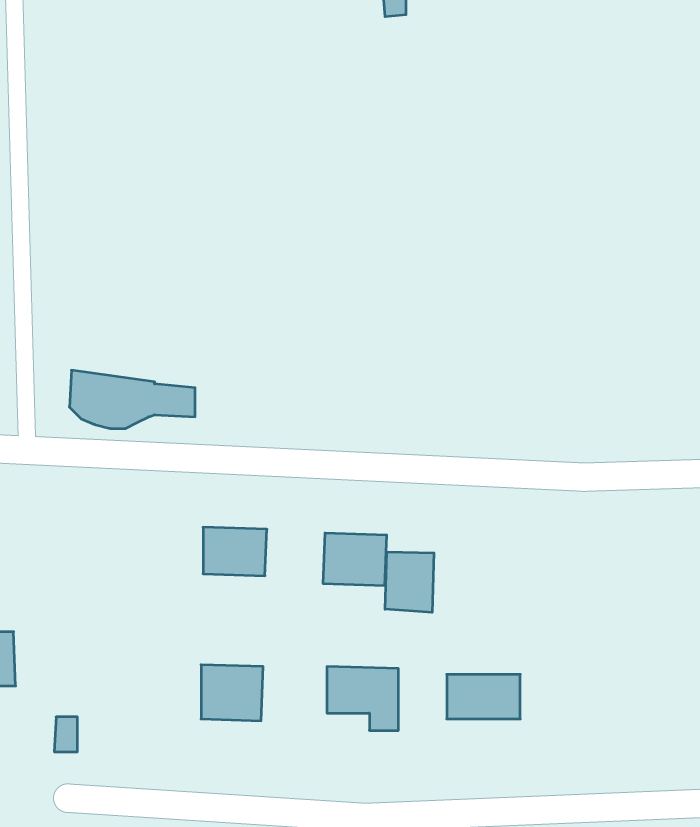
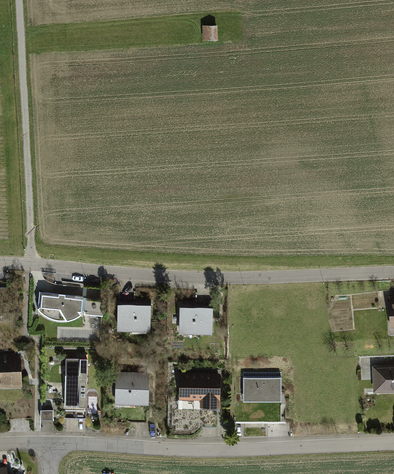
building: [69,370,195,428] -> [38,292,103,322]
building: [385,552,434,612] -> none
building: none -> [65,360,86,407]

